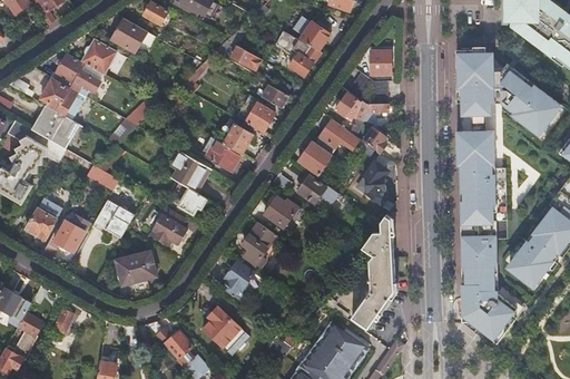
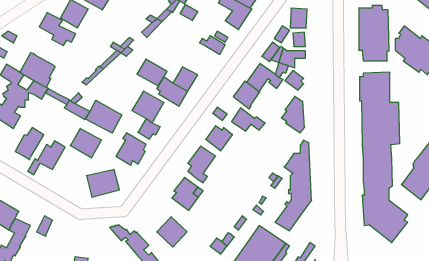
building: [41,79,86,120] -> none
building: [237,96,275,129] -> [137,59,167,86]
building: none -> [86,100,122,133]

